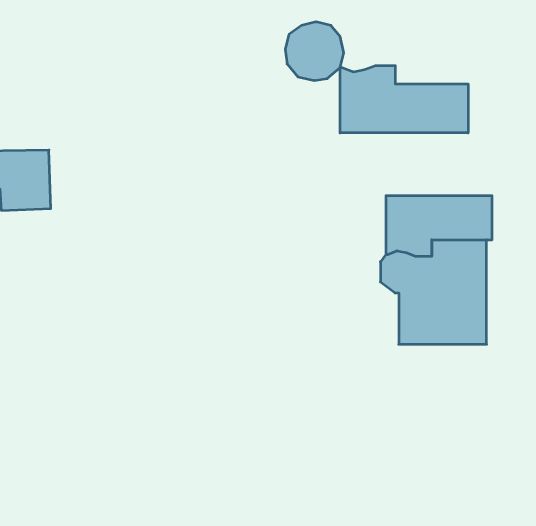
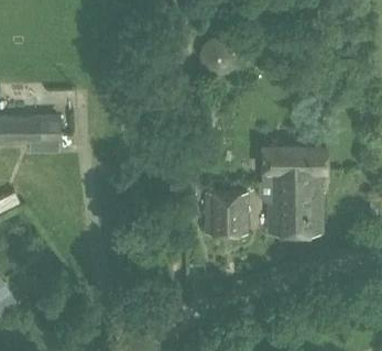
building: [340,66,468,133] -> none
building: none -> [206,194,249,234]

